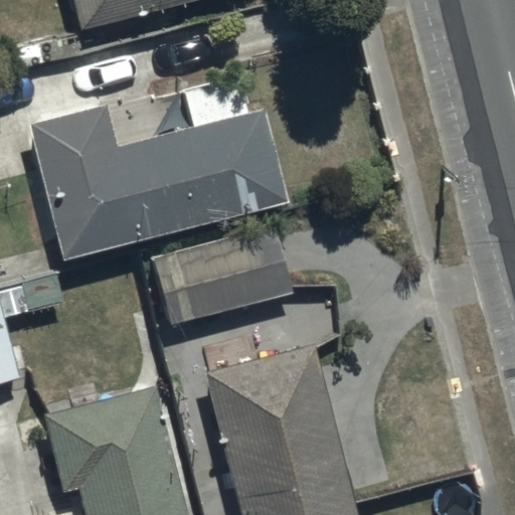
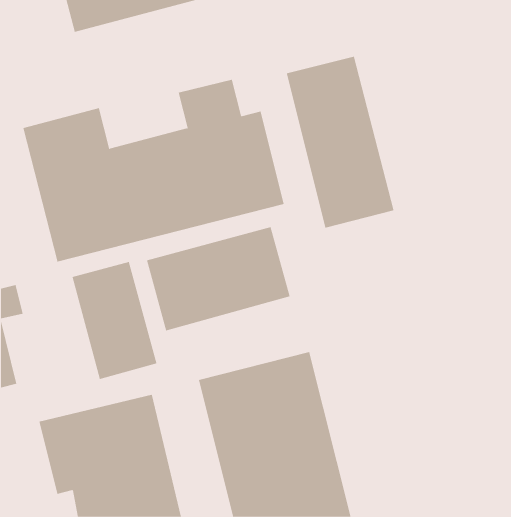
building: none -> [286,56,394,228]
building: none -> [72,261,157,380]

